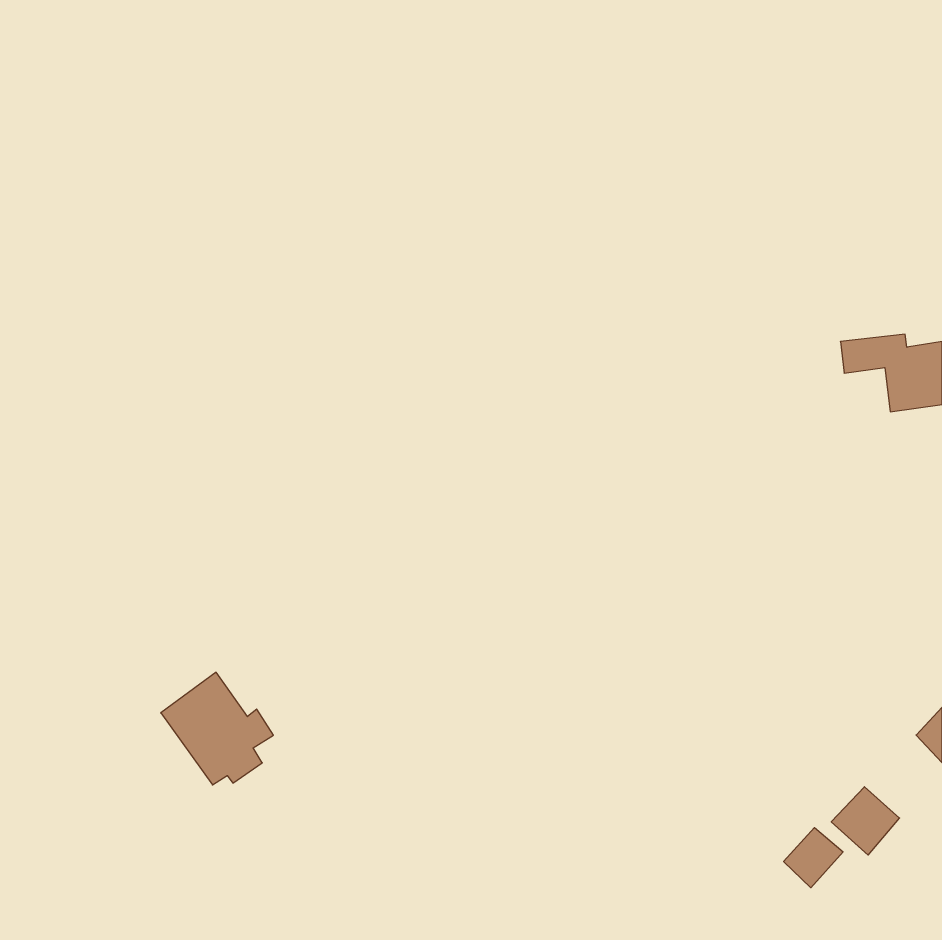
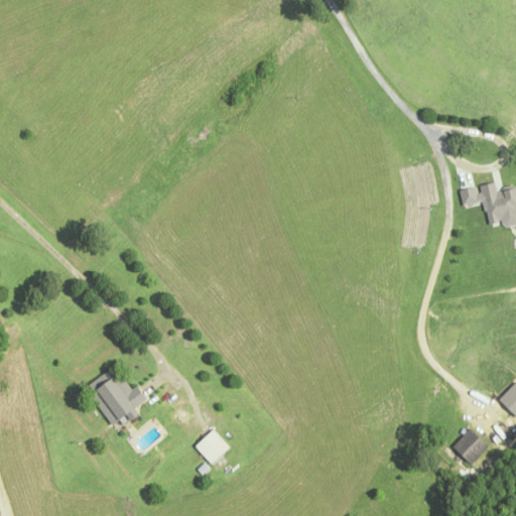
building: none -> [198,431,233,467]
building: [784,828,843,888] -> none

